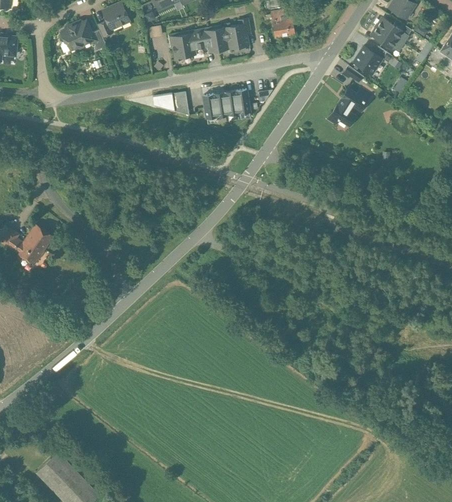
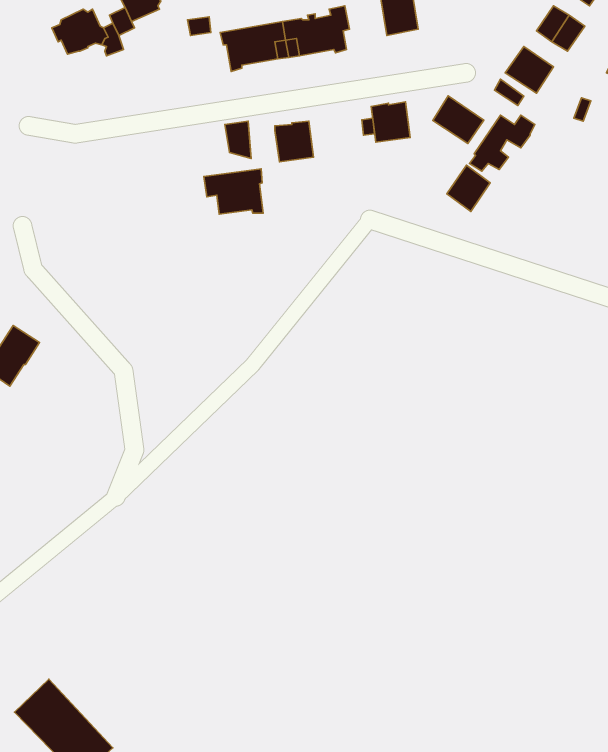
building: none -> [433,96,484,144]
building: [225,90,250,116] -> [371,102,410,142]
building: none -> [447,165,490,211]
building: none -> [204,169,263,214]

